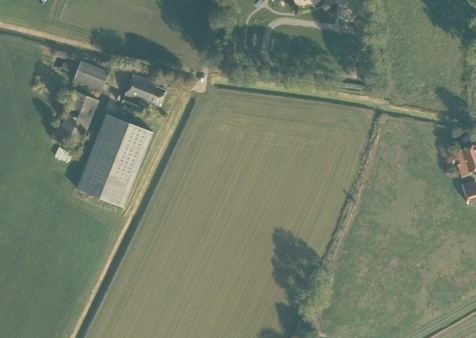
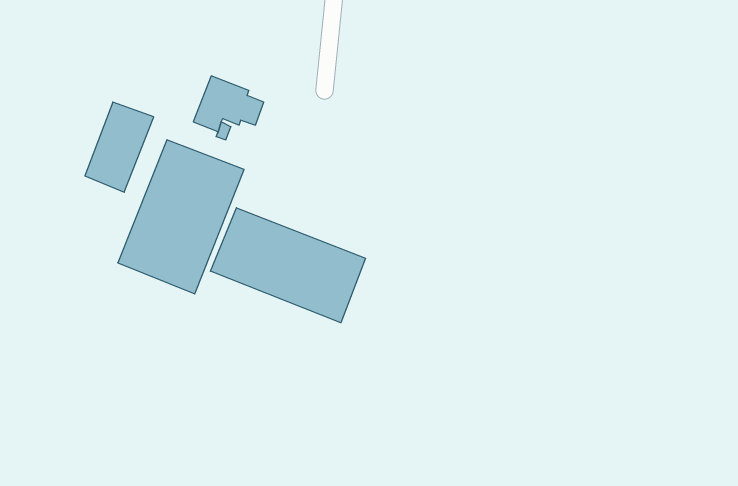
building: [72,59,108,90] -> none
building: none -> [210,208,366,323]

